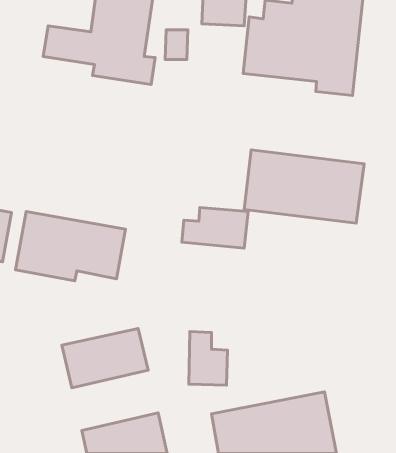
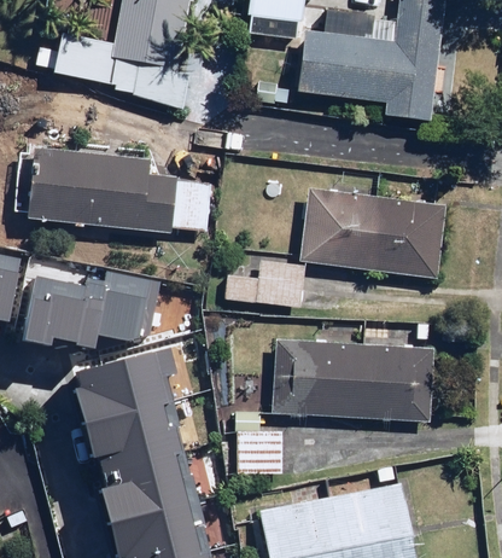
building: none -> [24,149,211,231]
building: none -> [274,339,432,420]
building: none -> [66,353,171,425]
building: none -> [91,455,195,529]

